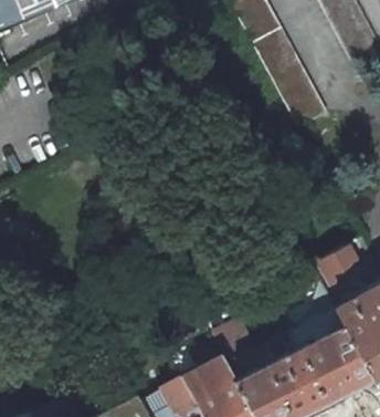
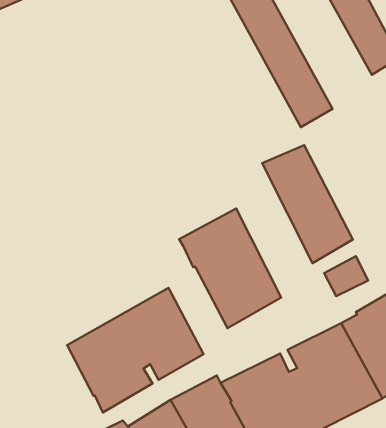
building: none -> [262,145,353,263]
building: none -> [179,209,281,328]
building: none -> [67,288,204,412]

